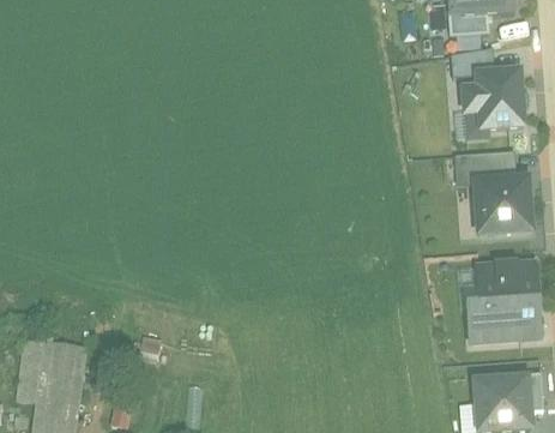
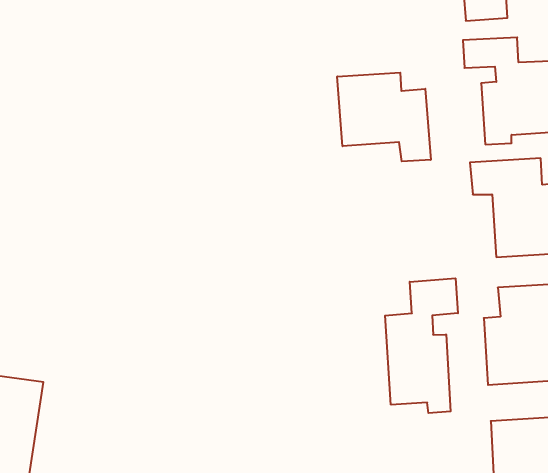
building: none -> [337,73,431,161]
building: none -> [385,278,458,413]

